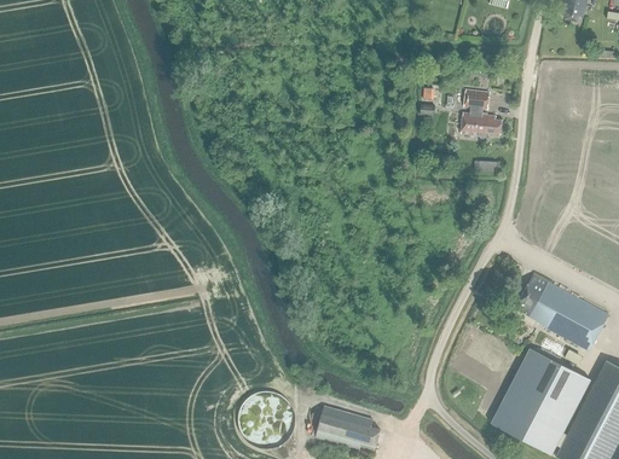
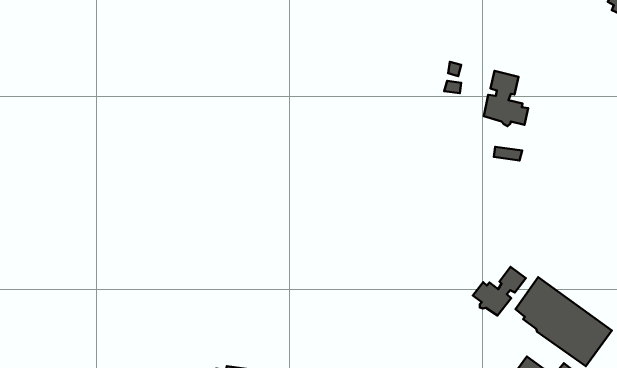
building: none -> [473,267,526,316]

